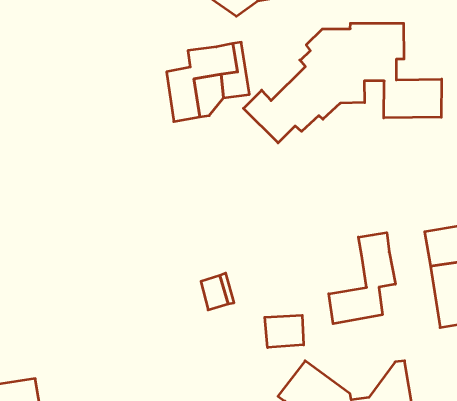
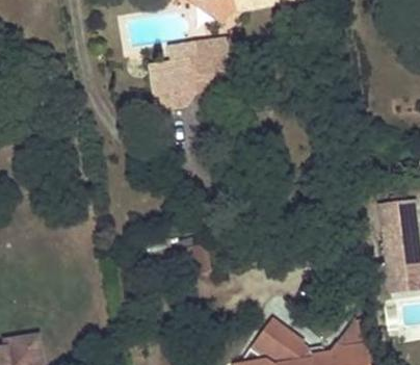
building: [243,23,442,143] -> none
building: [329,233,395,324] -> none
building: [265,315,304,348] -> none

